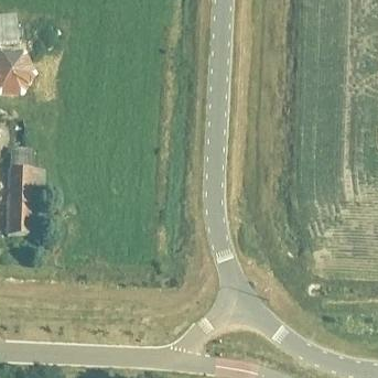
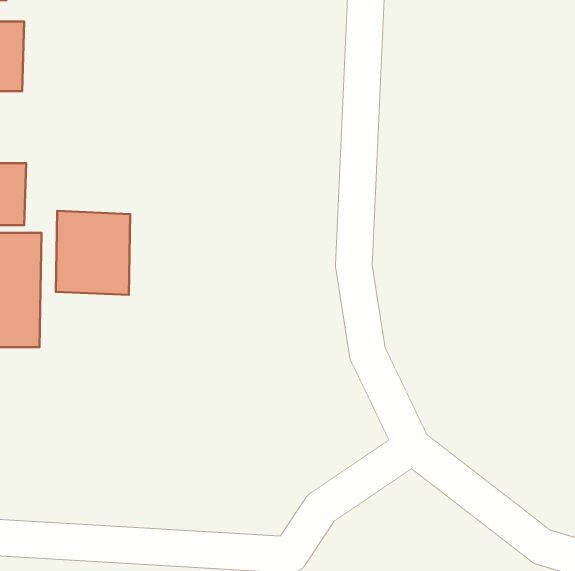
building: none -> [56,211,130,295]

